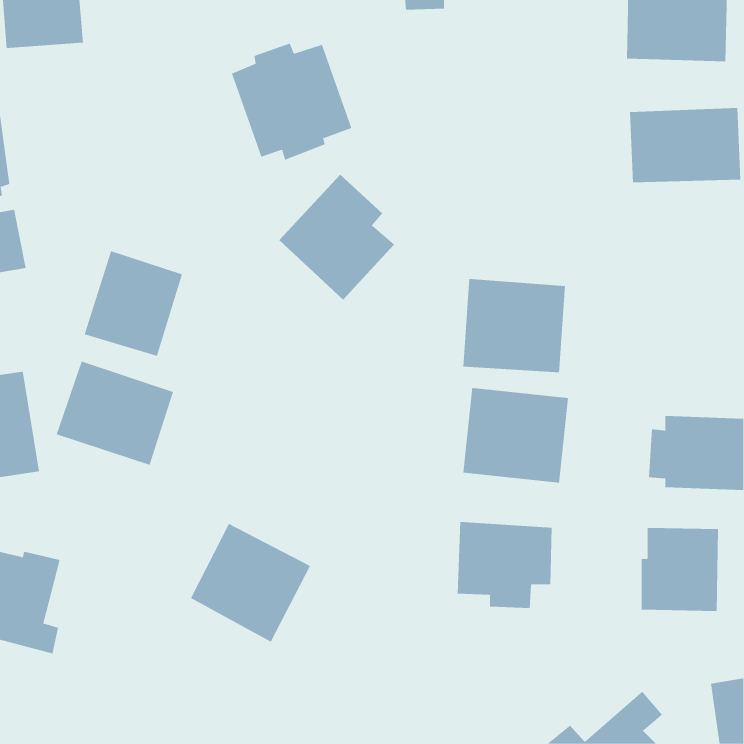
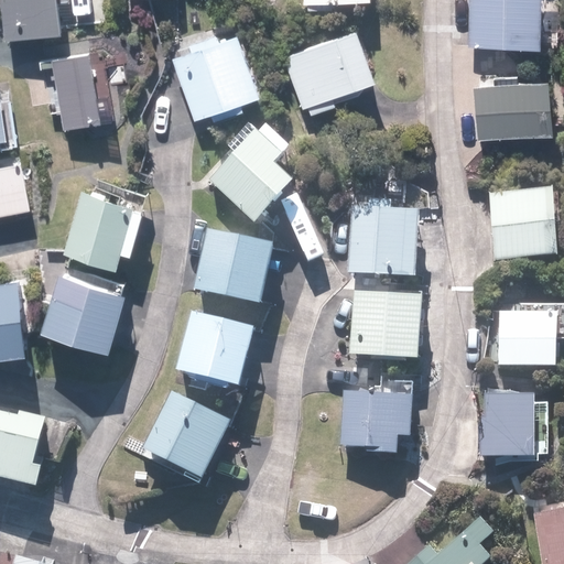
building: none -> [283,30,377,111]
building: none -> [52,48,111,126]
building: none -> [476,185,545,253]
building: none -> [192,229,276,306]
building: none -> [176,313,257,390]

